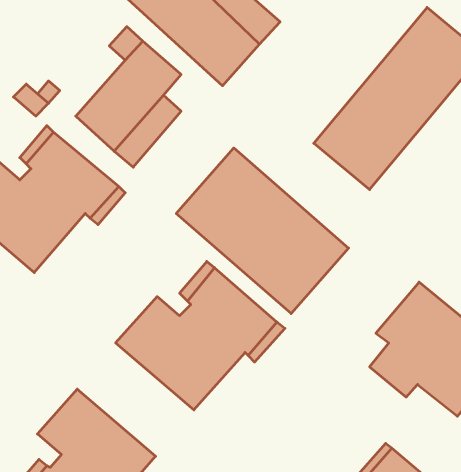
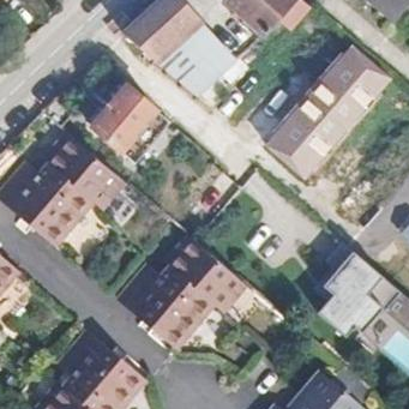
building: [176,148,349,314] -> none

